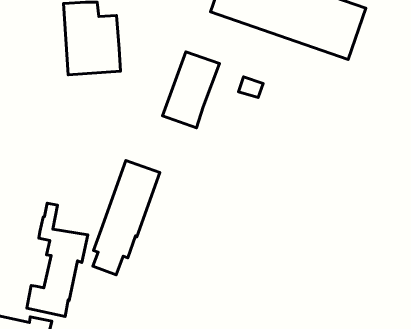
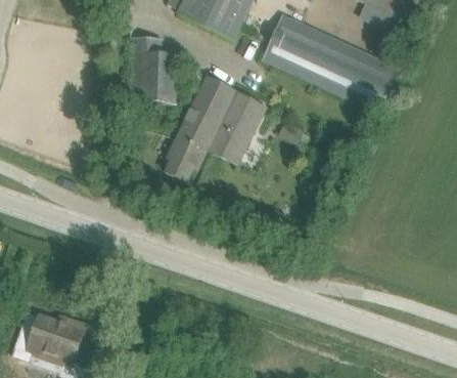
building: [93,161,160,275] -> [165,77,235,180]
building: [27,203,88,316] -> none

